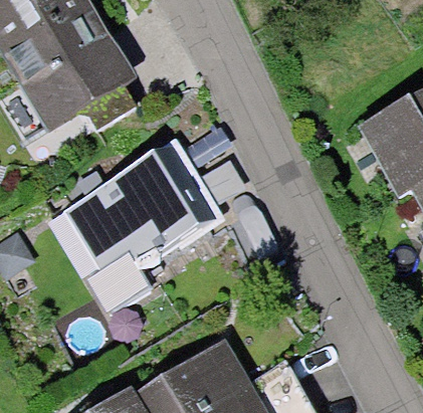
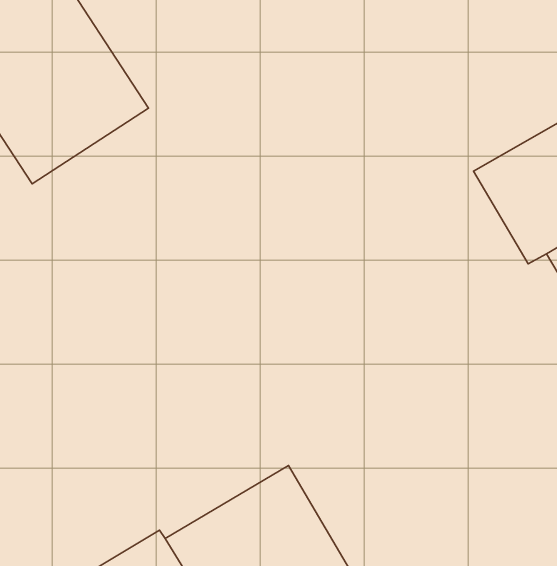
building: [62,147,214,287] -> none

